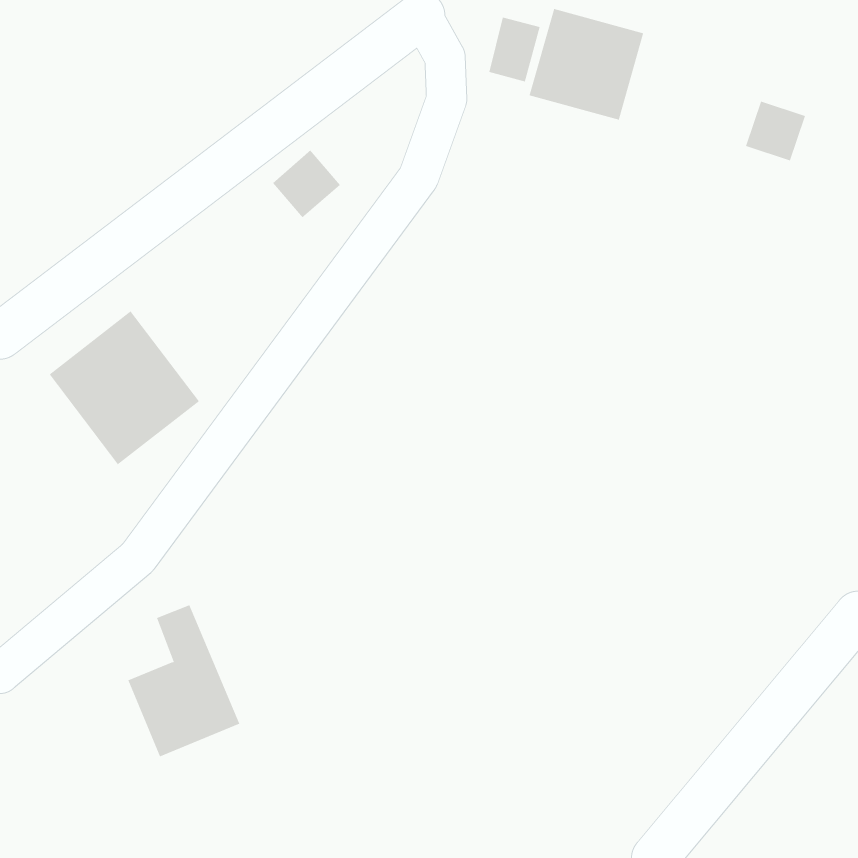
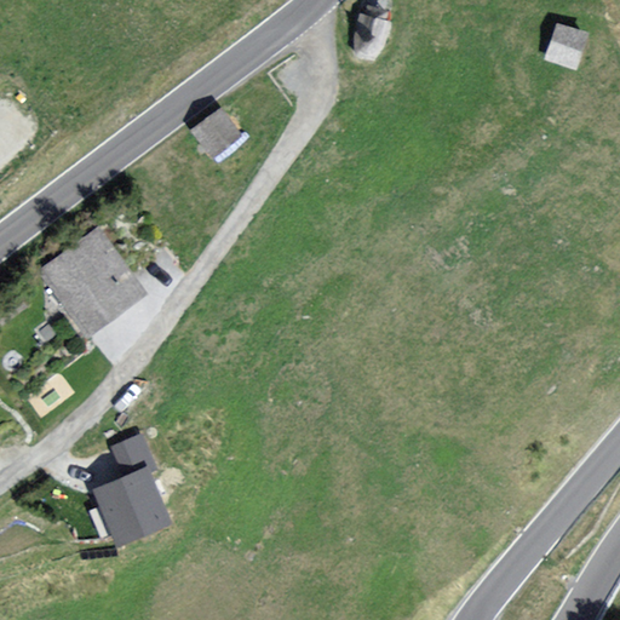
building: [529,8,644,120] -> none
building: [745,101,806,161] -> [545,25,589,69]

